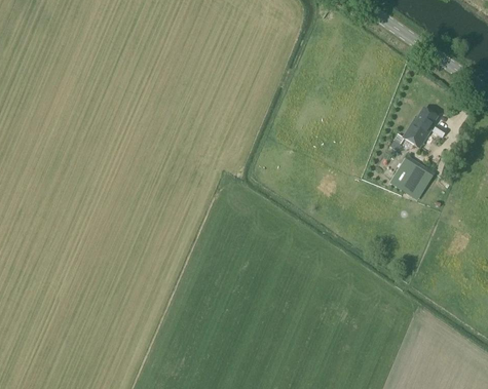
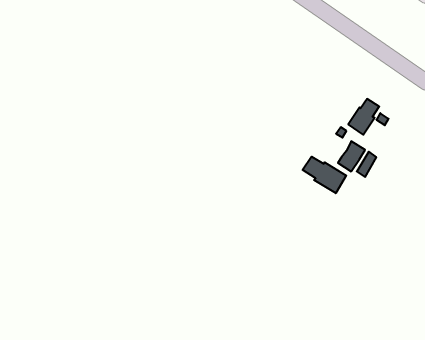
building: none -> [303,157,346,193]

